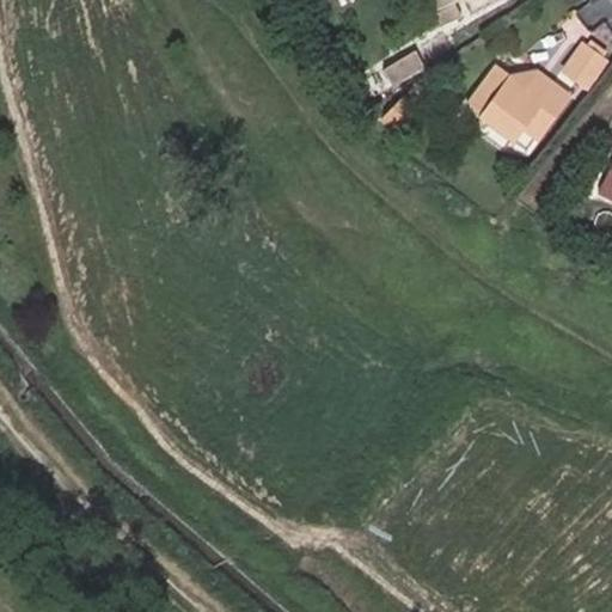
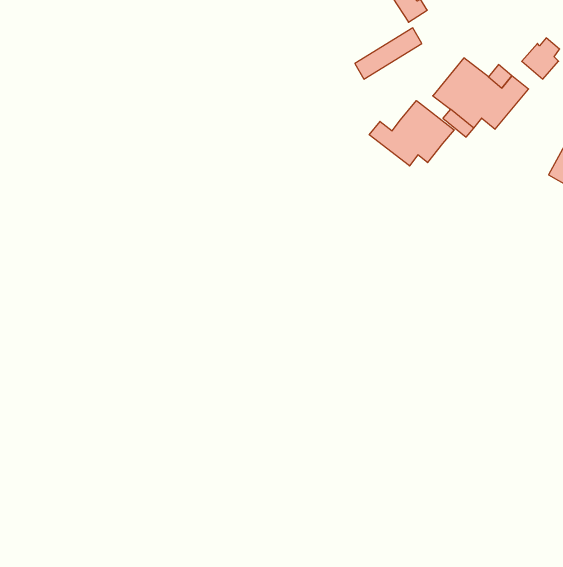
building: none -> [369,101,454,166]

